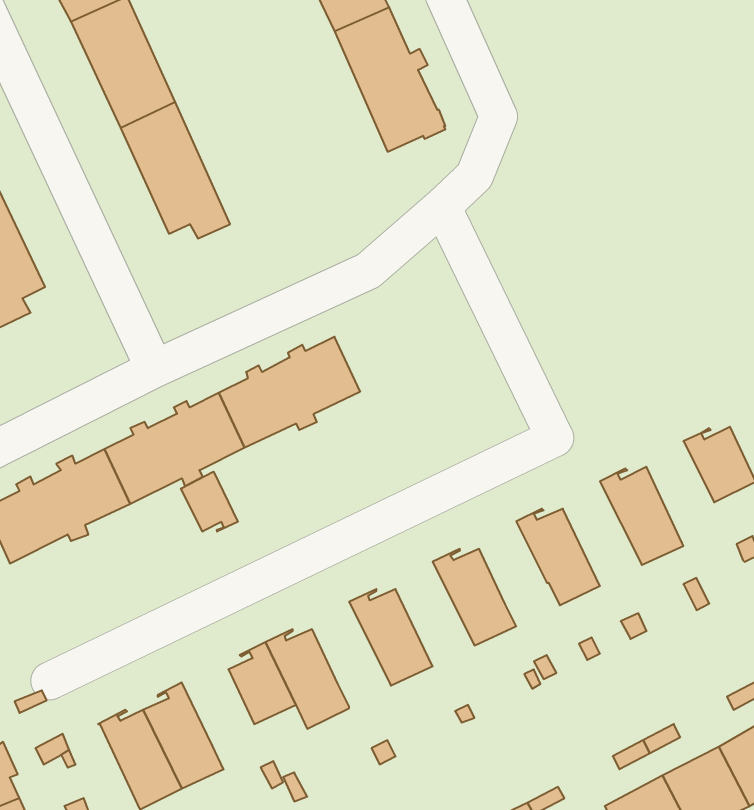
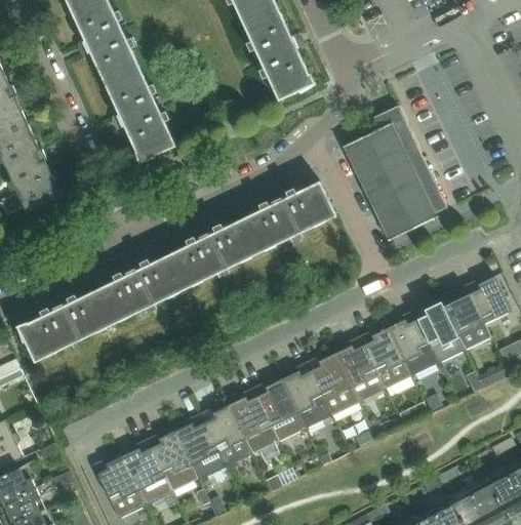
building: none -> [343,106,446,241]
building: none -> [242,180,336,253]
building: none -> [441,285,490,350]
building: [181,472,238,532] -> none
building: none -> [388,311,438,377]
building: none -> [334,336,377,389]
building: none -> [281,362,331,429]
building: none -> [228,388,278,454]
building: none -> [145,431,198,491]

